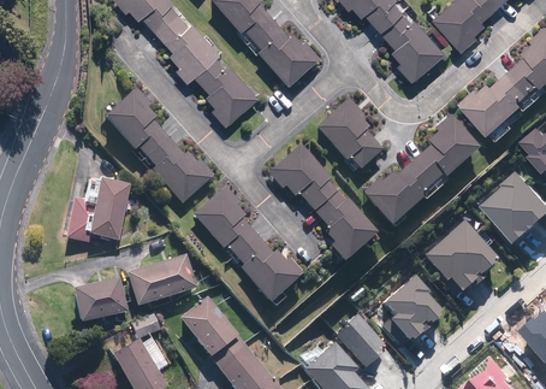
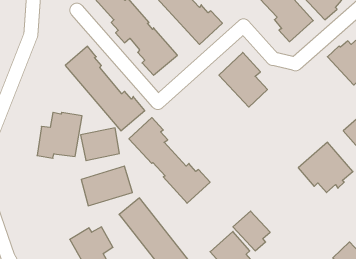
building: [362,114,477,225] -> none
building: [266,143,378,261] -> none
building: [382,273,445,346] -> none
building: [73,276,126,320] -> [81,128,119,161]

